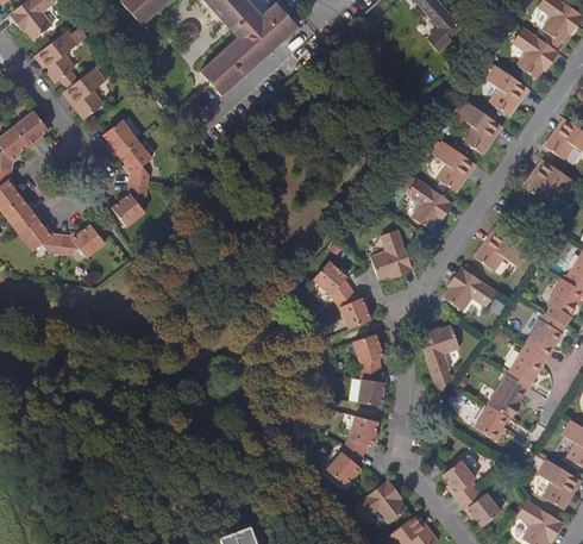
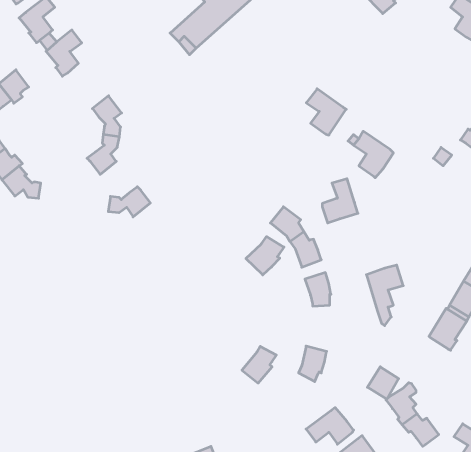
building: [485,64,526,115] -> none
building: [459,102,500,154] -> none
building: [102,120,136,156] -> none
building: [431,140,475,192] -> [306,89,346,135]
building: [58,225,105,258] -> [108,187,150,217]
building: [476,225,527,270] -> none
building: [443,269,495,311] -> none
building: none -> [246,237,284,275]
building: [358,370,382,407] -> none
building: [476,406,510,442] -> [367,367,399,399]
building: [325,445,363,486] -> [242,346,276,383]

